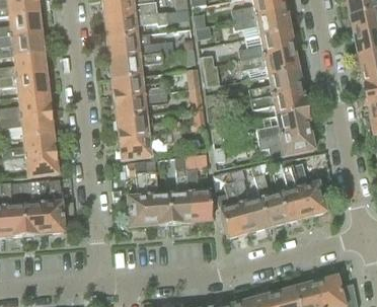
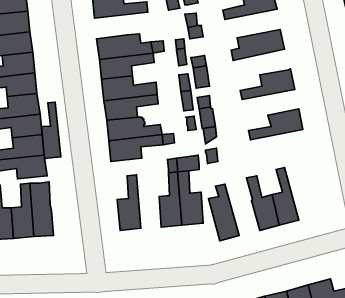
building: [233,9,288,37] -> none
building: [104,11,168,39] -> none
building: [239,49,296,78] -> none
building: [250,88,306,113] -> none
building: none -> [41,102,61,159]
building: [258,128,314,157] -> none
building: [292,162,327,217] -> none
building: [146,171,170,225] -> none
building: [233,178,268,232] -> none

